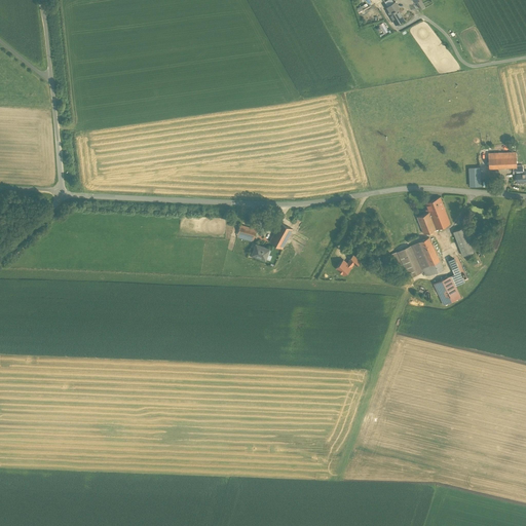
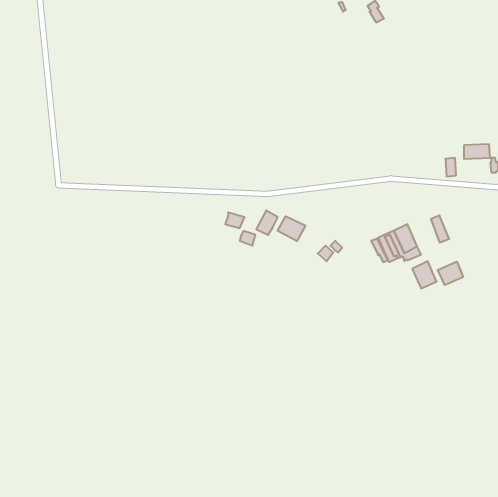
building: [417,197,450,234] -> none
building: none -> [277,216,305,241]
building: none -> [438,262,463,285]

